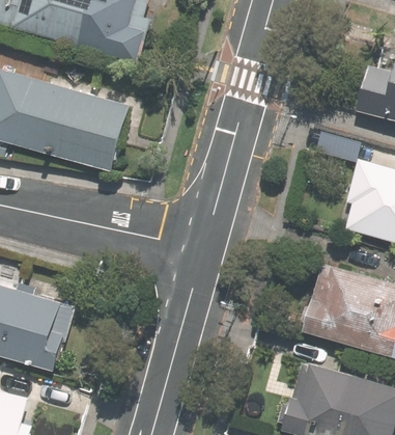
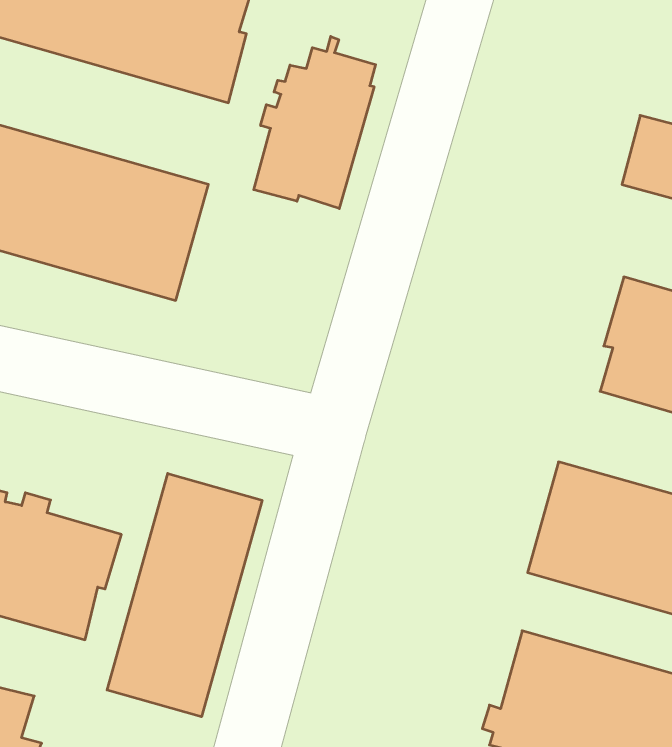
building: none -> [254,36,376,209]
building: none -> [107,473,262,717]

